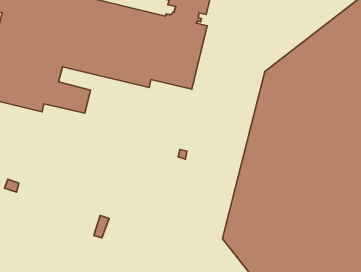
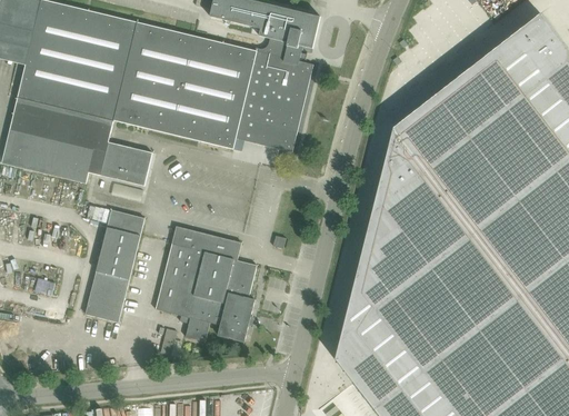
building: none -> [87,206,146,321]
building: none -> [156,226,258,341]

